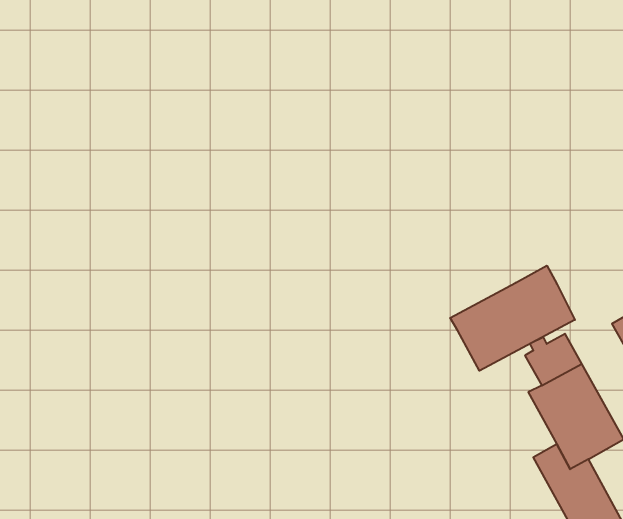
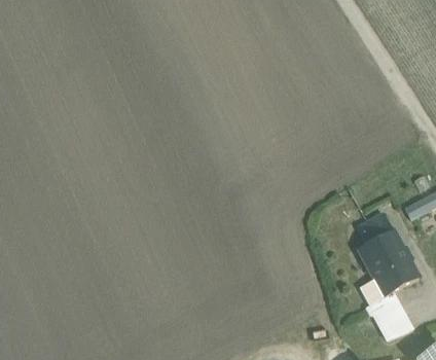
building: [450,266,575,371] -> none

